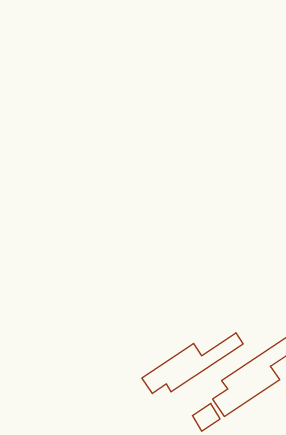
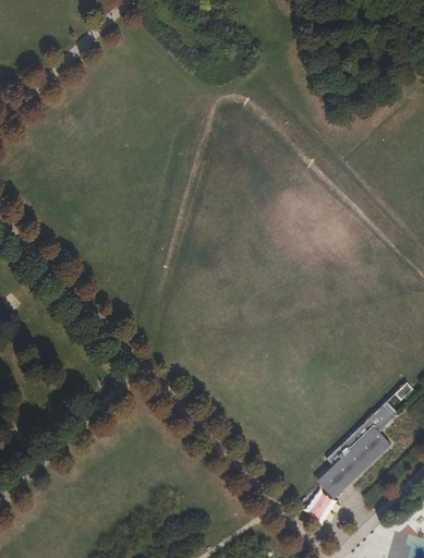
building: [142,333,243,394] -> none

